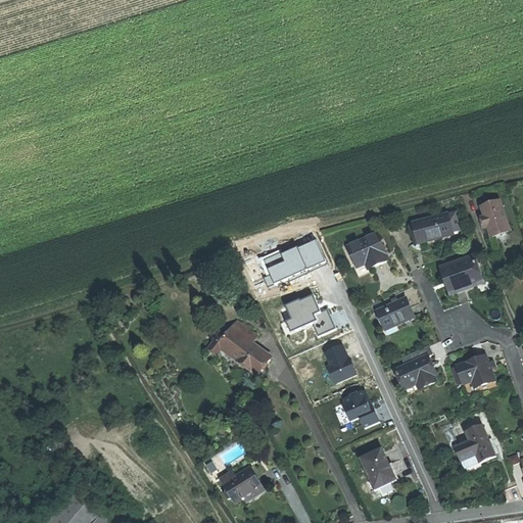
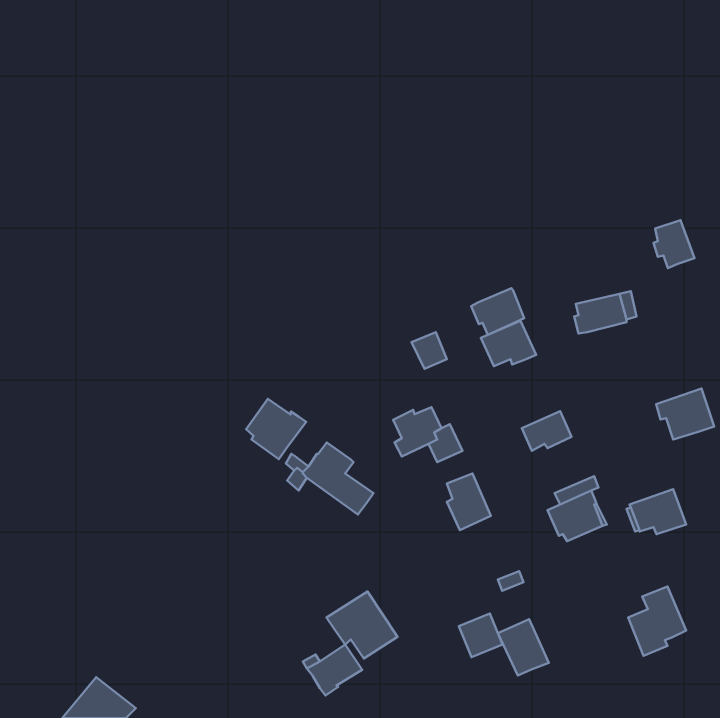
building: [480,200,510,235] -> [654,220,695,268]
building: none -> [471,288,524,335]
building: [268,247,306,282] -> none
building: [441,254,483,291] -> [656,388,714,439]
building: none -> [246,399,306,459]
building: [339,388,371,420] -> [459,613,503,657]
building: none -> [327,592,398,659]

